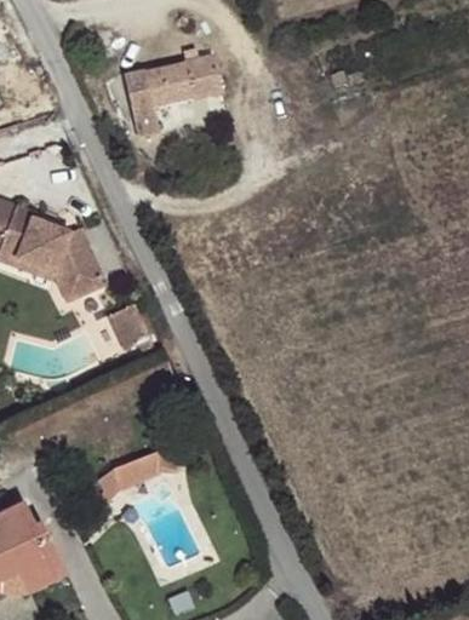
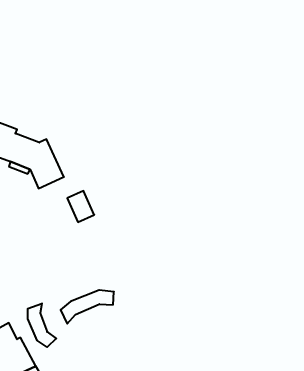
building: [124,54,222,137] -> none
building: none -> [28,303,56,347]

